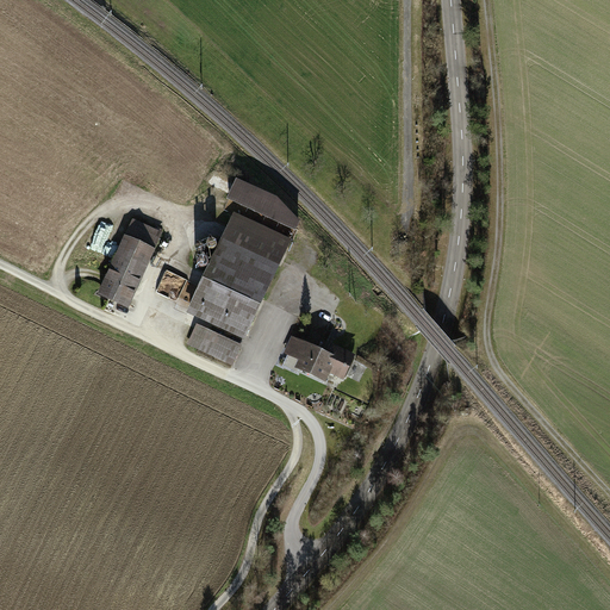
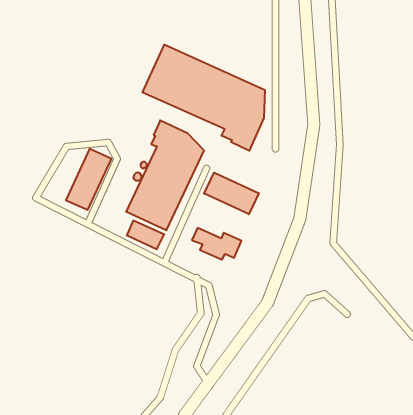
building: none -> [142,45,265,151]
building: none -> [204,173,259,214]

